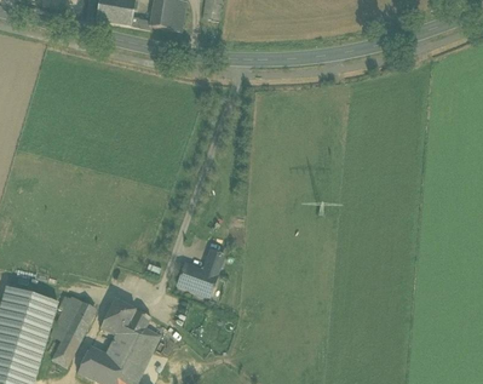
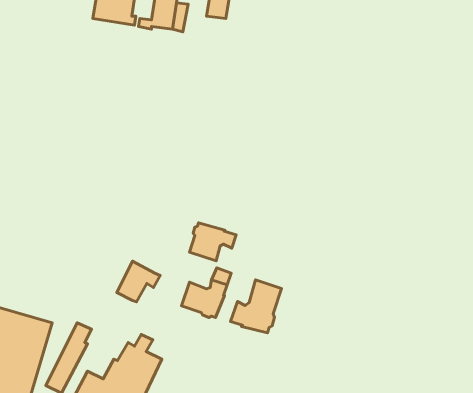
building: none -> [189,223,236,261]
building: none -> [231,280,282,333]
building: [99,298,139,336] -> [117,261,160,302]

